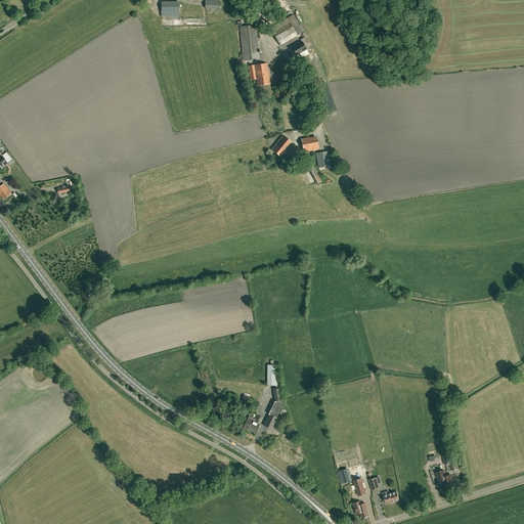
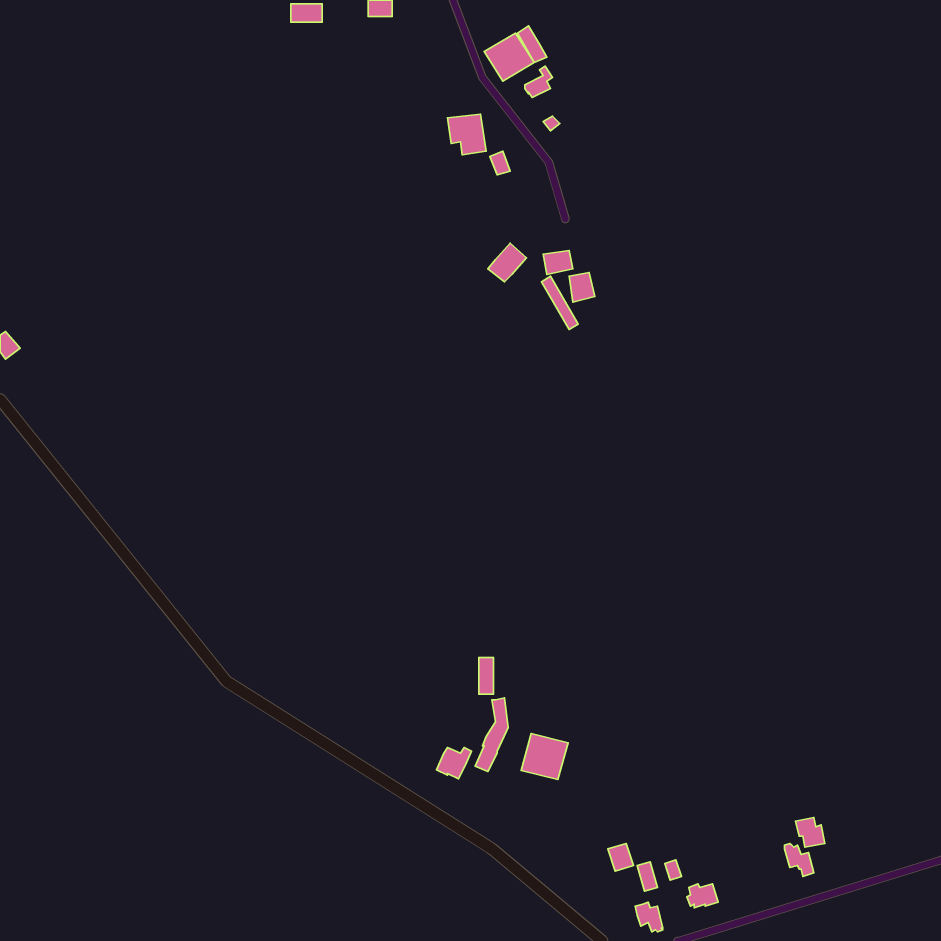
building: [239,26,259,60] -> none
building: none -> [521,734,568,780]

